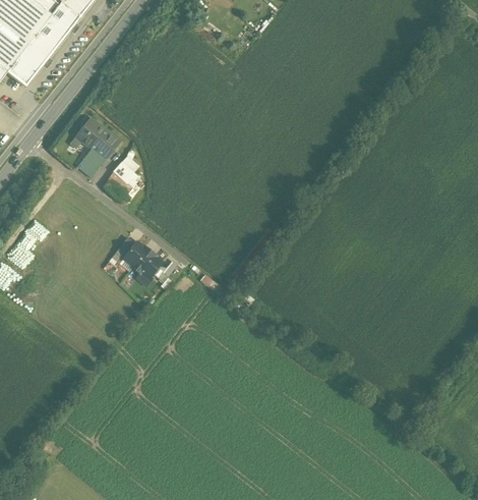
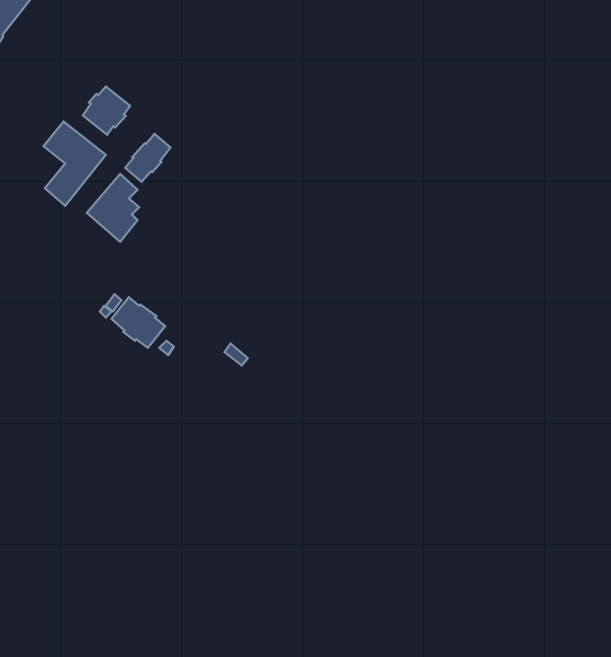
building: none -> [83,86,130,135]
building: none -> [125,134,171,182]

